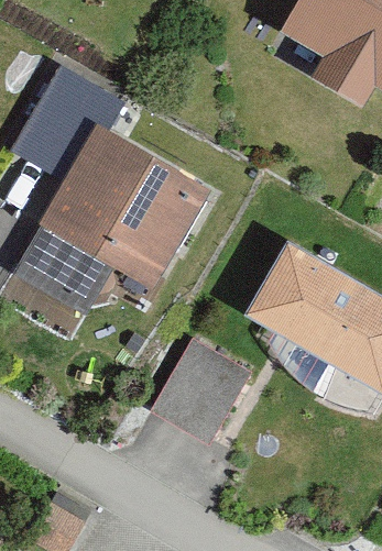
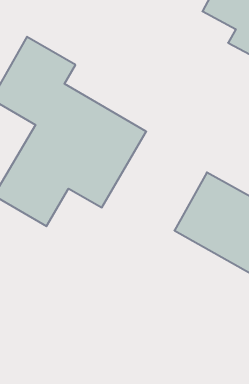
building: [152,344,242,439] -> none

